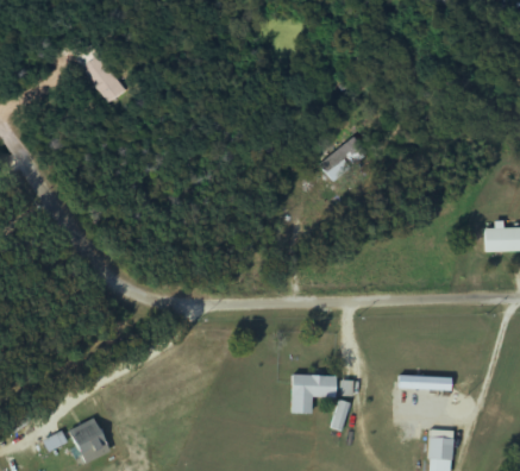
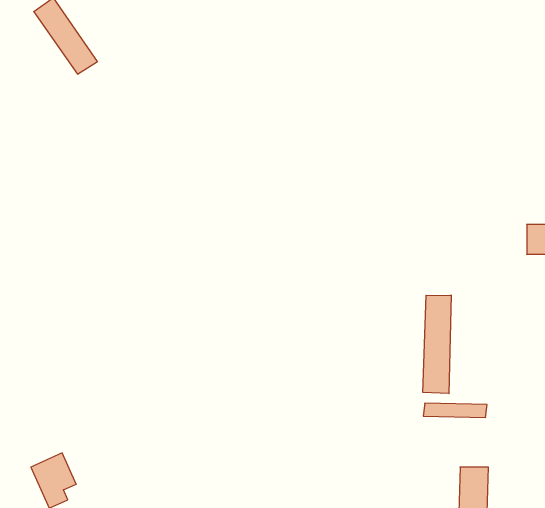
building: [320,134,369,180] -> none
building: none -> [423,295,451,394]
building: [290,373,334,412] -> none

